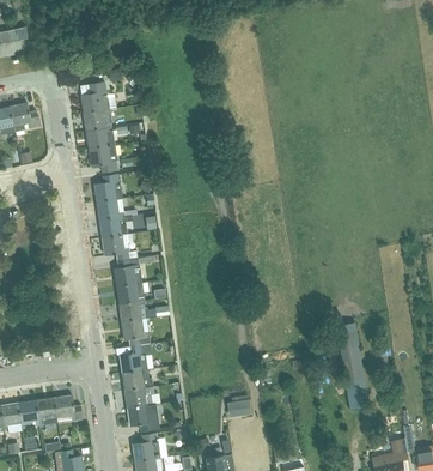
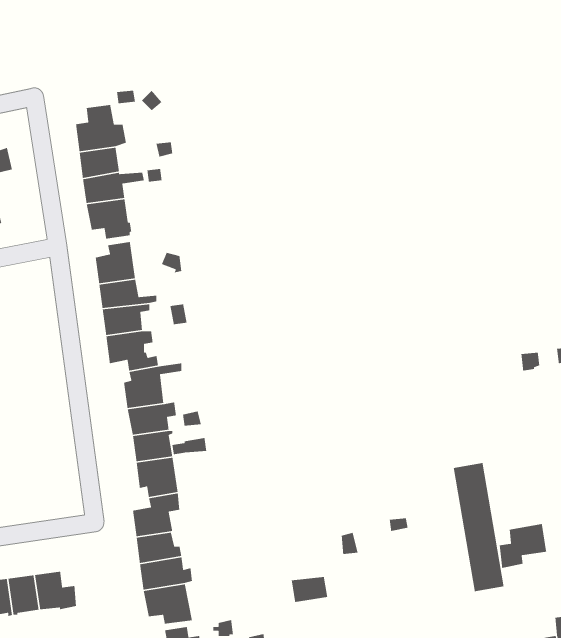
building: none -> [499,523,547,569]

